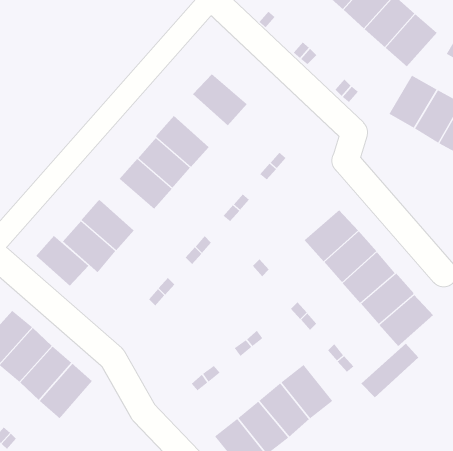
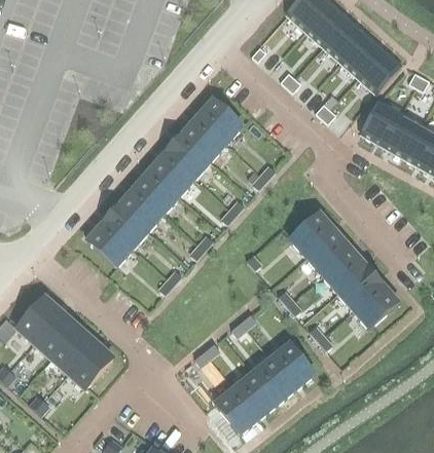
building: none -> [180,116,225,160]
building: [35,235,89,287] -> [118,187,164,230]
building: [360,343,419,398] -> none

